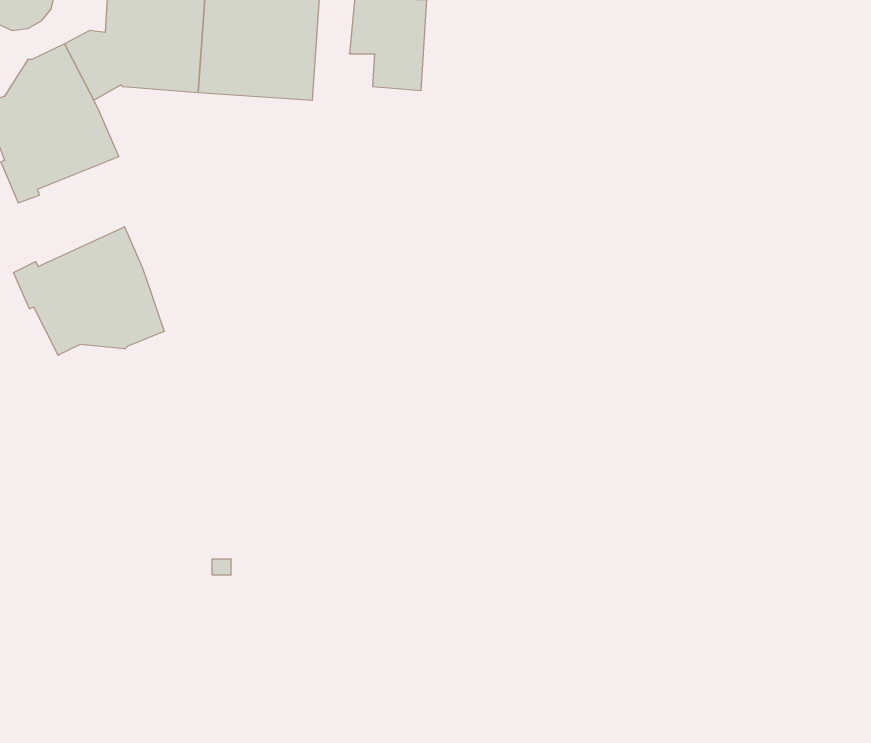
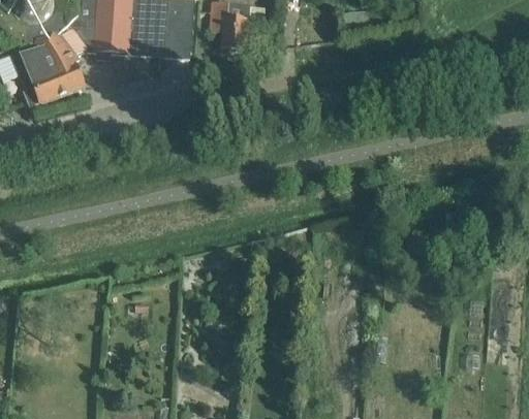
building: [14,227,164,355] -> none

